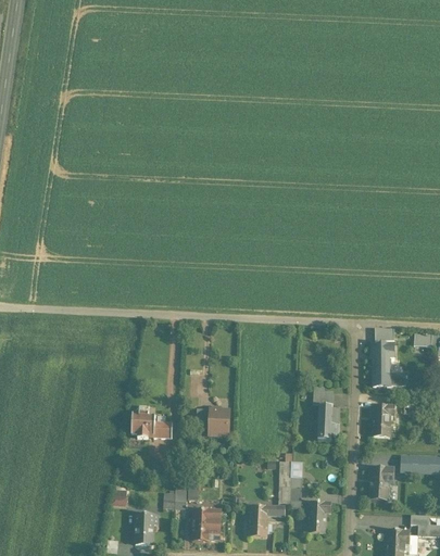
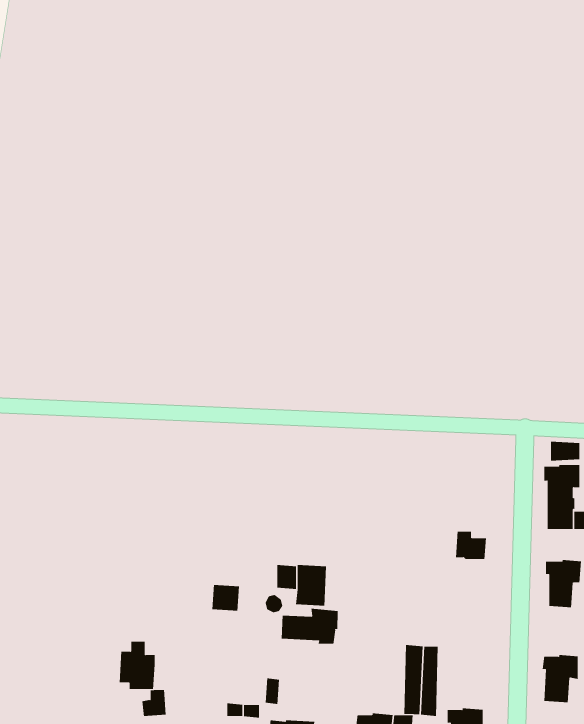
building: [316,405,339,440] -> none
building: [130,406,154,438] -> [119,641,155,690]
building: none -> [281,608,338,644]

